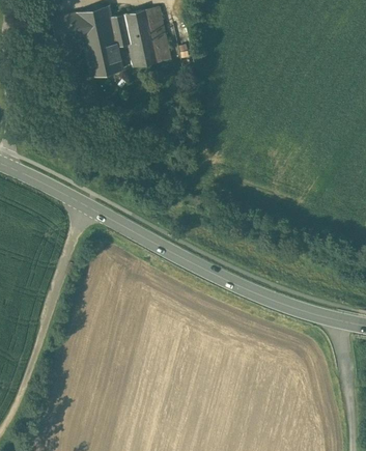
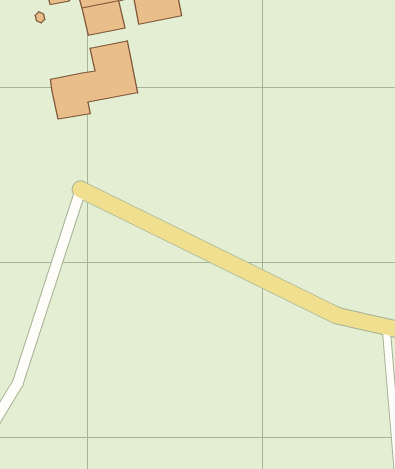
building: none -> [51,41,138,119]

